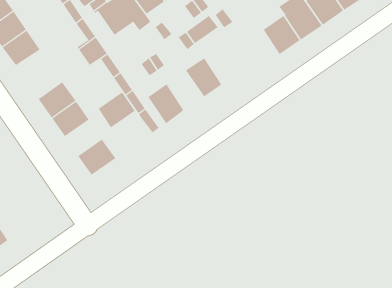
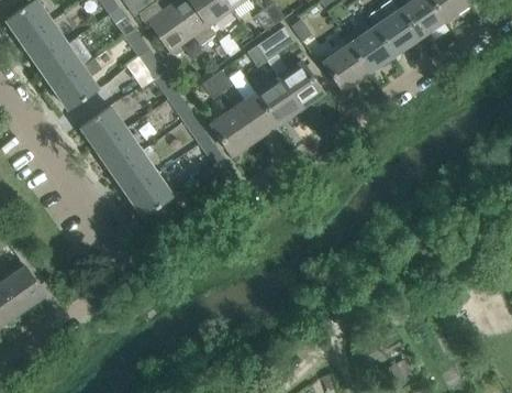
building: none -> [322,44,367,90]
building: none -> [53,58,101,110]
building: none -> [278,62,322,109]
building: none -> [233,92,277,140]
building: [98,91,135,128] -> [111,151,156,195]

